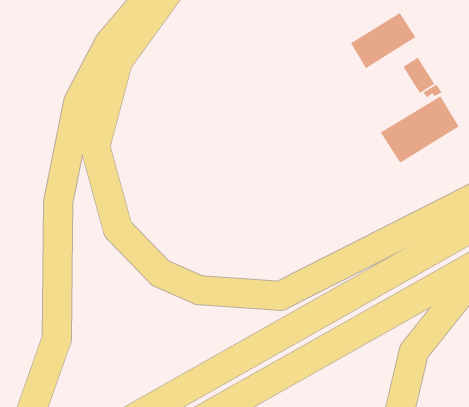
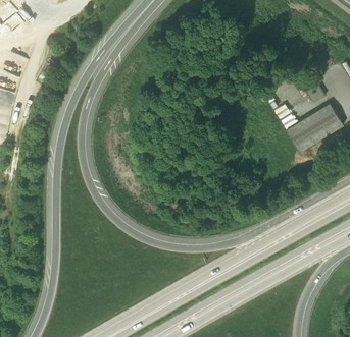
building: [350,12,416,69] -> none

